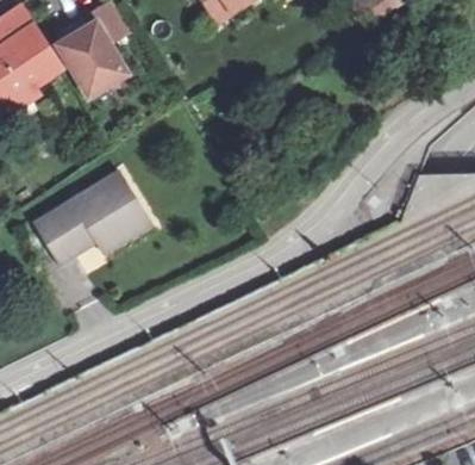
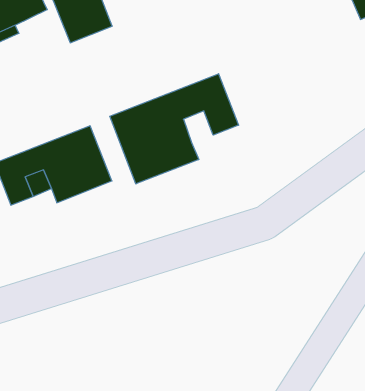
building: none -> [110,74,239,184]

